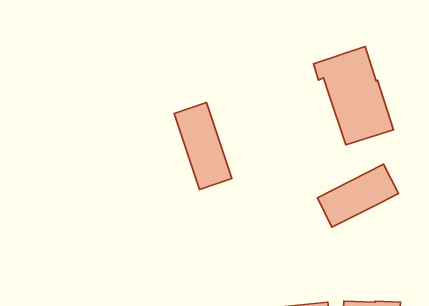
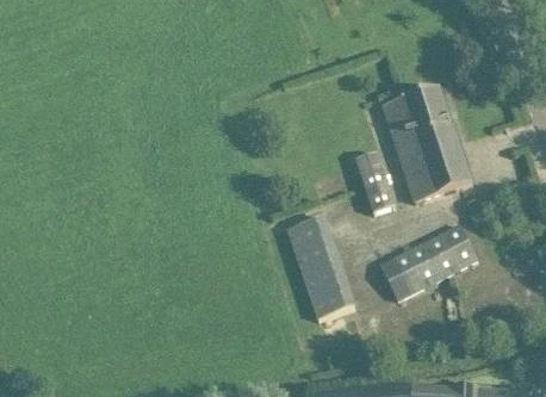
building: none -> [354,151,393,213]
building: [174,102,232,190] -> [286,217,354,320]

